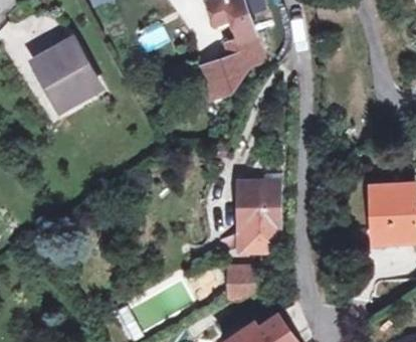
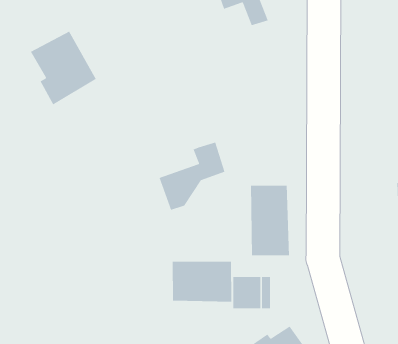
building: [204,35,265,99] -> [158,141,226,211]
building: none -> [172,261,232,302]

